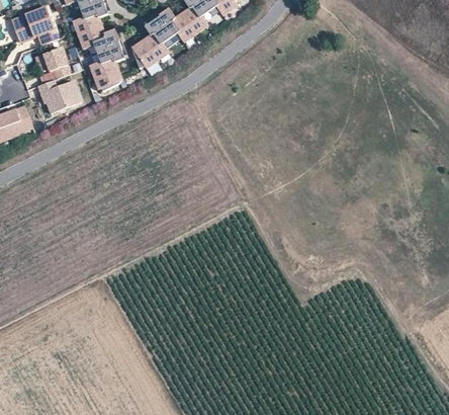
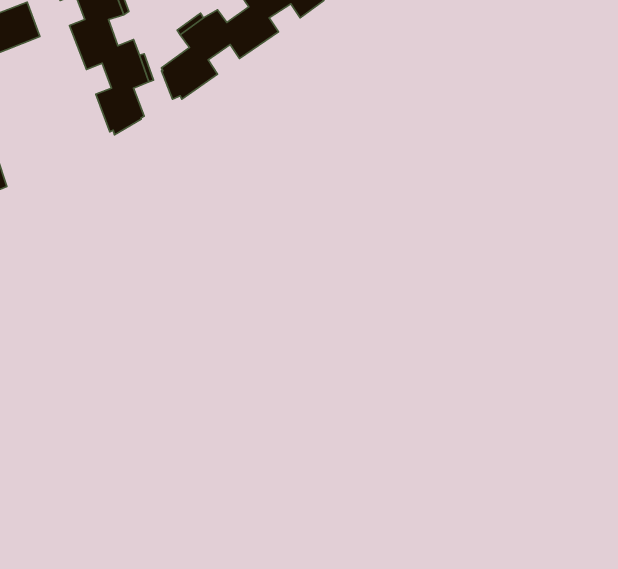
building: [42,47,70,78] -> none
building: [37,79,80,113] -> none

